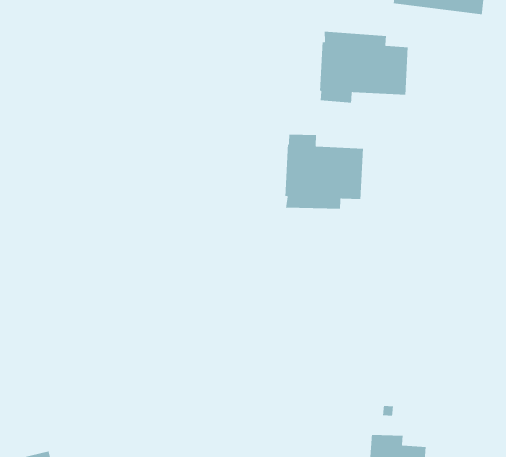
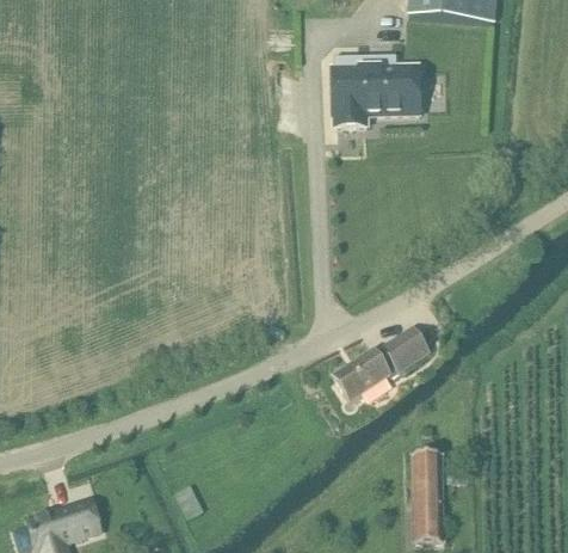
building: [285,134,364,209] -> none
building: none -> [333,325,430,400]

